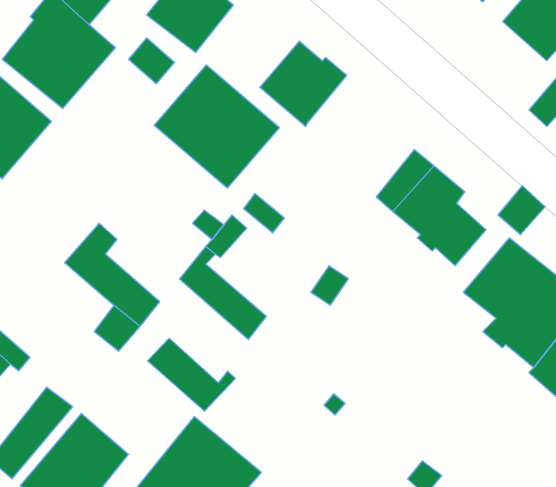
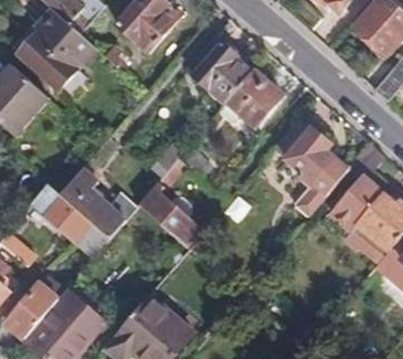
building: [154,65,279,188] -> none
building: none -> [224,66,279,123]
building: none -> [45,192,94,240]
building: [147,338,236,411] -> none

